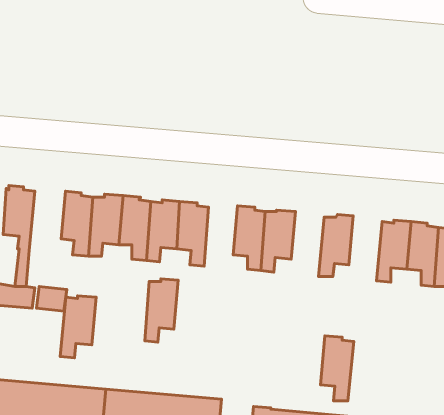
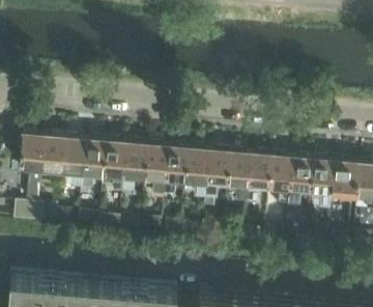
building: none -> [226,154,250,200]
building: [145,279,178,342] -> [164,148,188,194]
building: [60,296,96,358] -> [38,138,64,183]
building: [320,336,354,401] -> [267,157,291,203]

